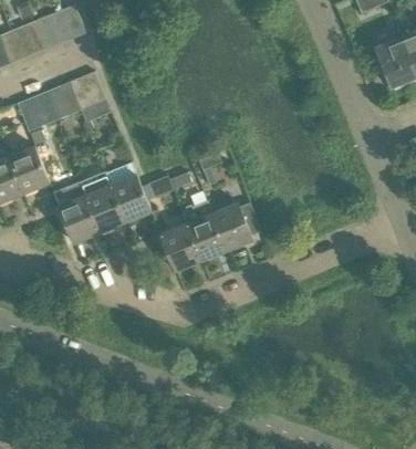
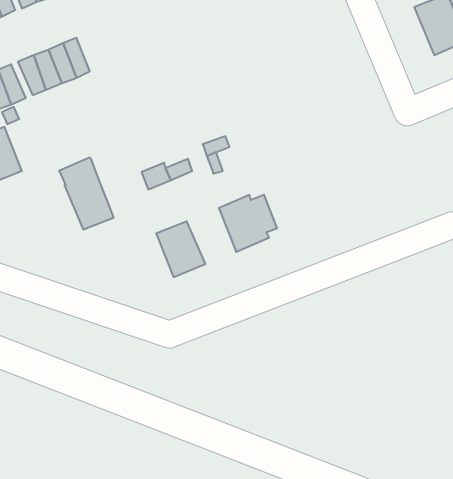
building: [105,164,149,222] -> none
building: [58,196,98,243] -> none
building: [183,202,226,261] -> none

